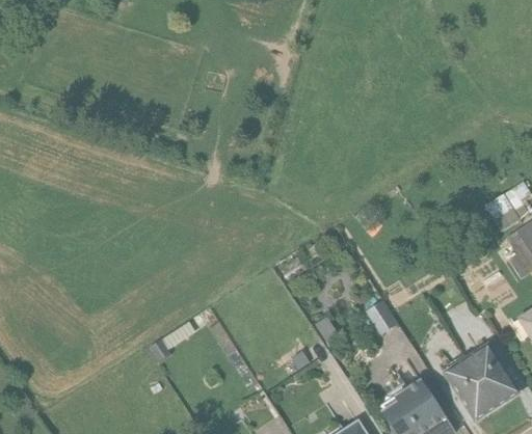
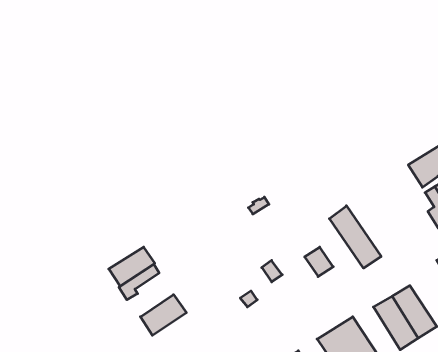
building: none -> [329,206,381,268]
building: none -> [109,247,155,286]
building: none -> [140,295,186,335]

